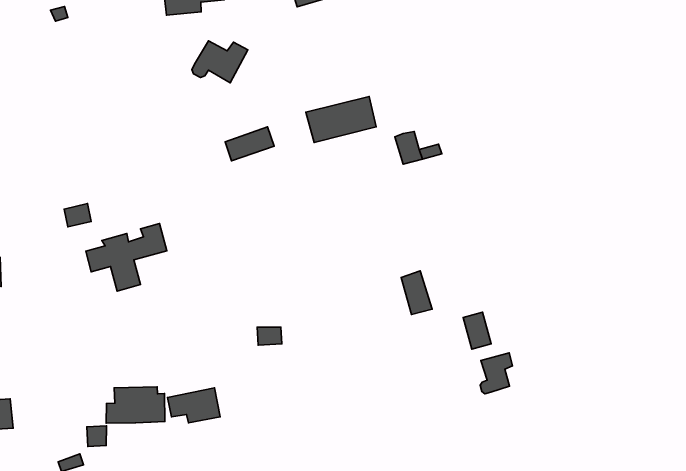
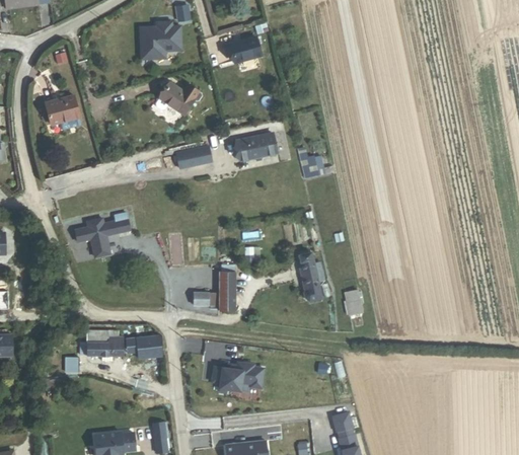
building: none -> [46,94,79,123]
building: none -> [218,273,235,310]
building: [480,353,513,394] -> none
building: none -> [217,362,263,392]

